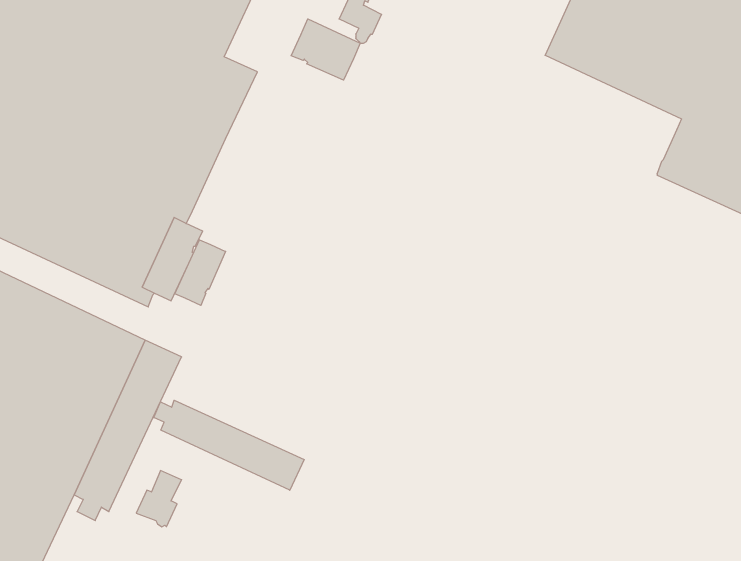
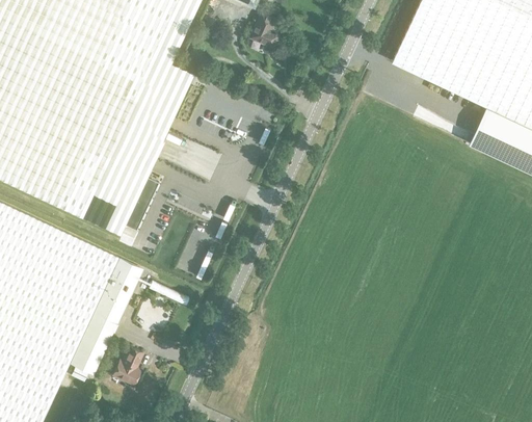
building: [291,19,360,80] -> none
building: [175,240,226,305] -> none
building: [154,400,304,490] -> none

